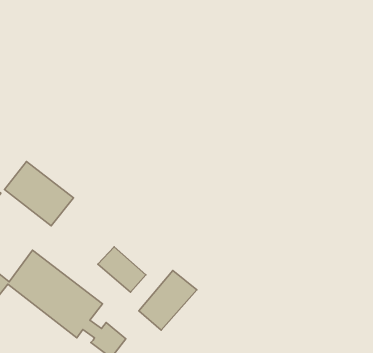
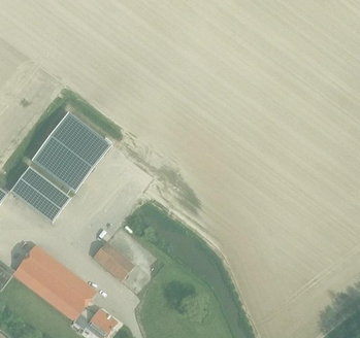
building: none -> [31,111,110,192]
building: [139,271,197,330] -> none

